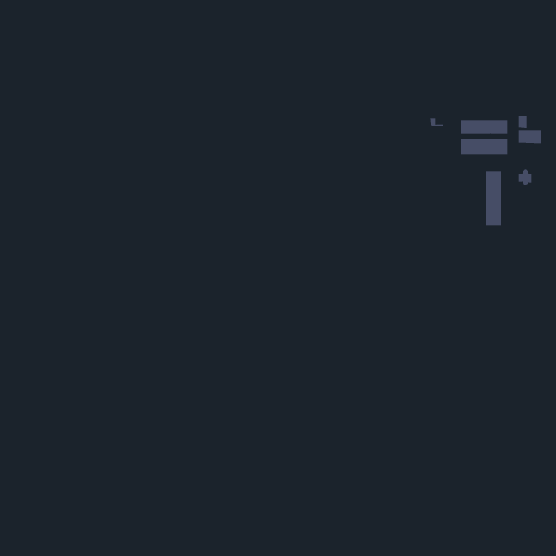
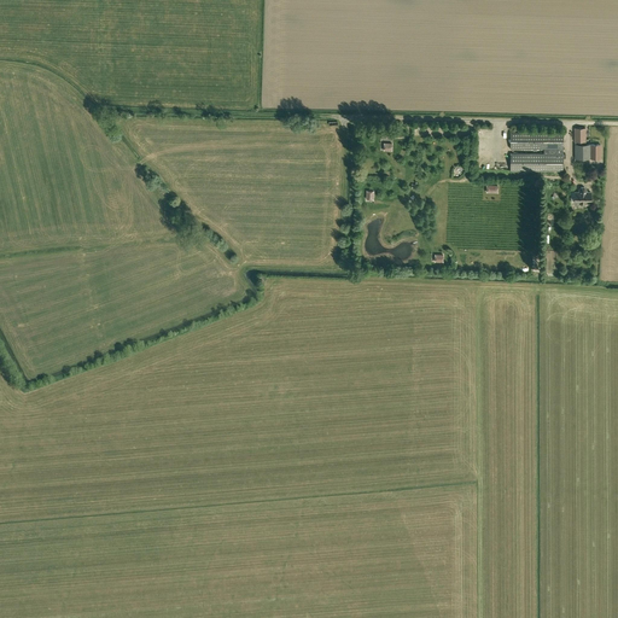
building: [485,171,502,226] -> none

